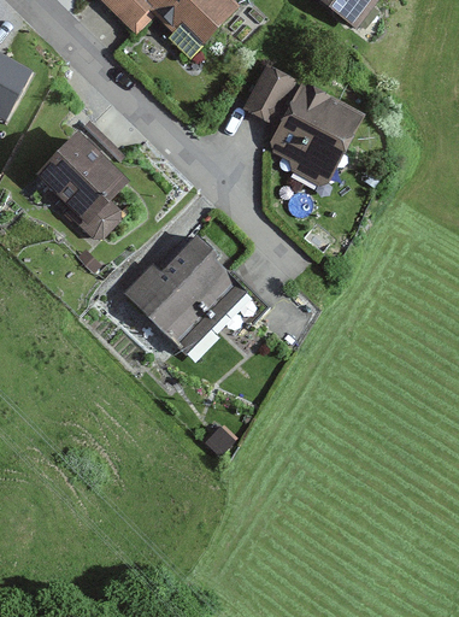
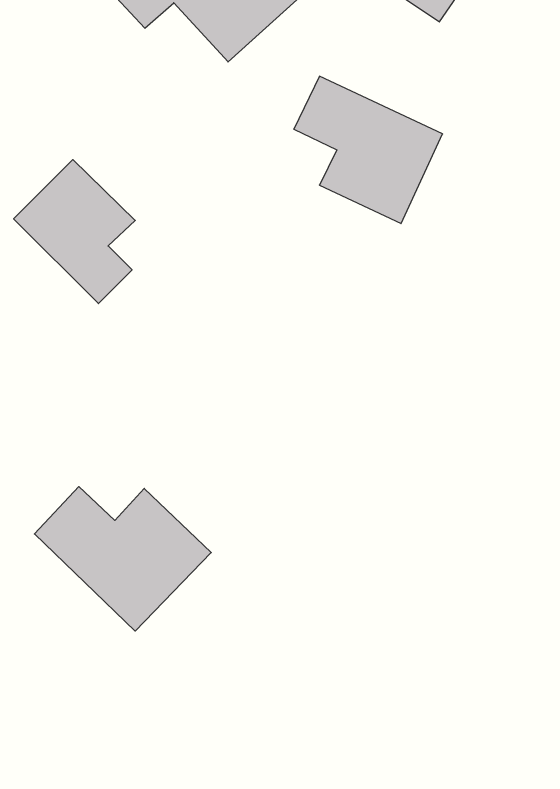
building: [118,239,249,355] -> none
building: none -> [34,487,211,631]

